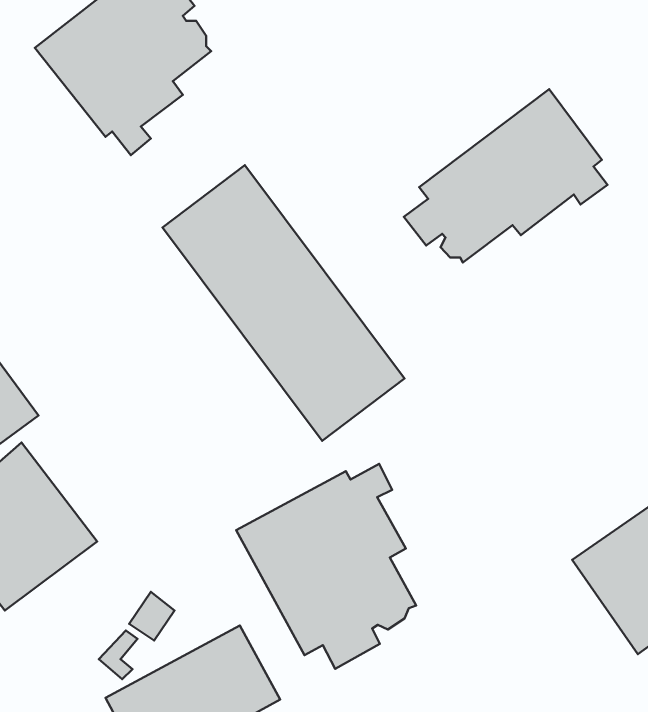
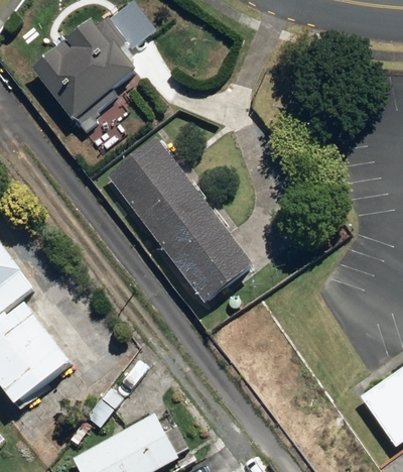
building: [404,89,607,263] -> none
building: [236,464,416,669] -> none

